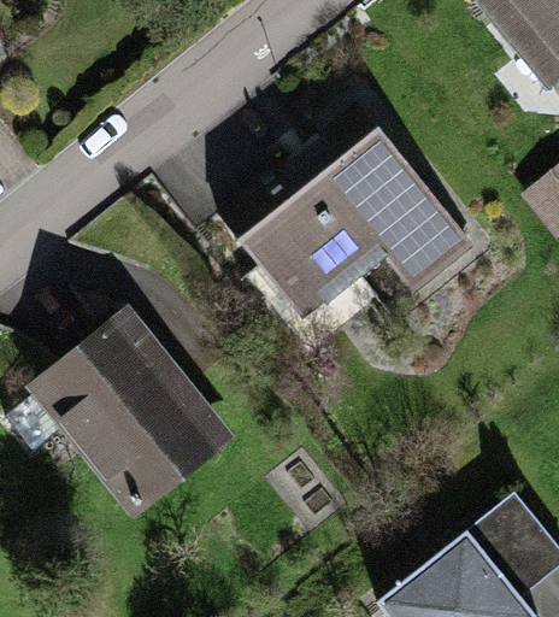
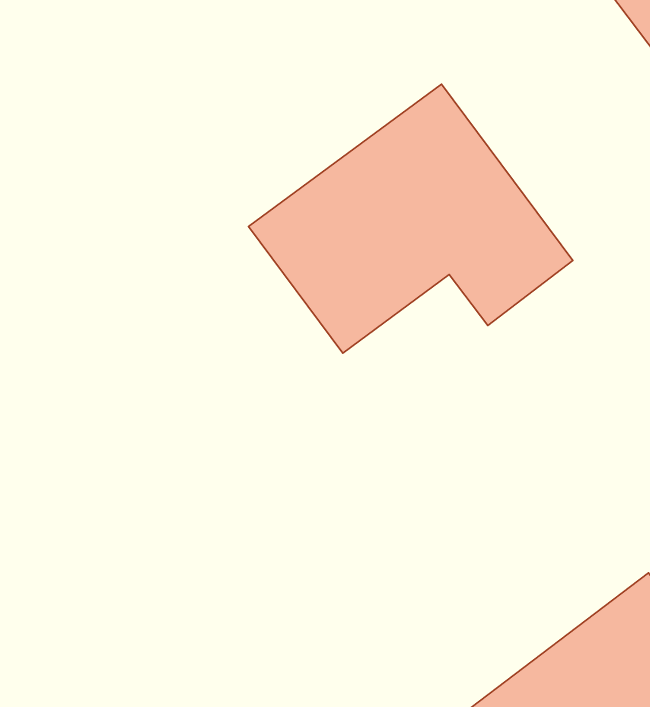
building: [40,322,228,515] -> none

